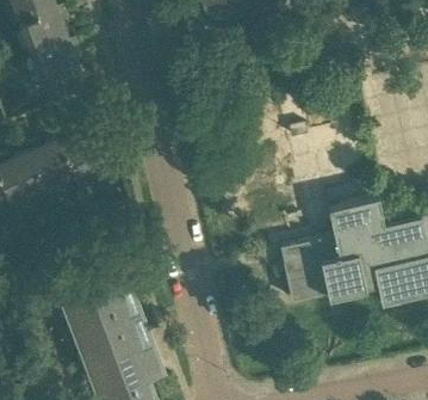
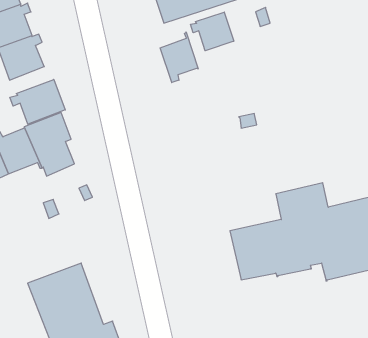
building: none -> [191,12,234,51]
building: none -> [160,32,198,83]
building: none -> [10,79,65,124]

